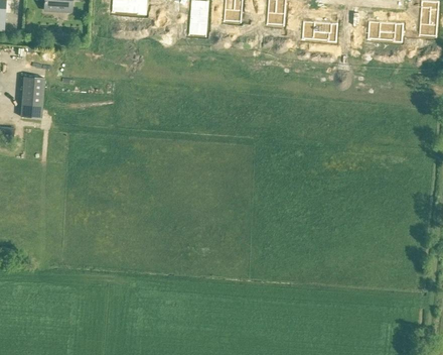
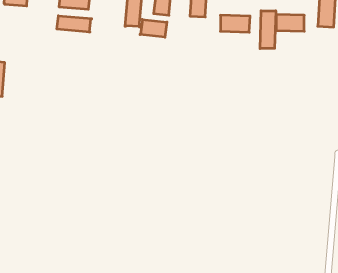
building: none -> [260,11,276,49]
building: none -> [57,16,92,32]
building: none -> [140,19,167,37]

